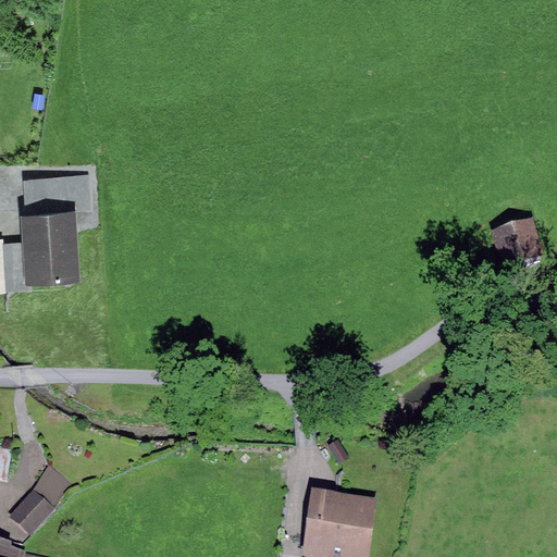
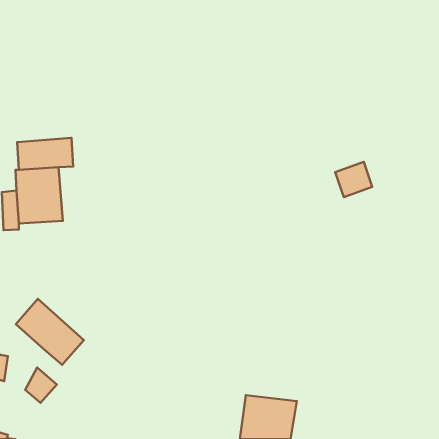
building: [493,225,540,270] -> [335,162,372,197]
building: none -> [16,299,84,365]
building: [8,492,52,539] -> none

